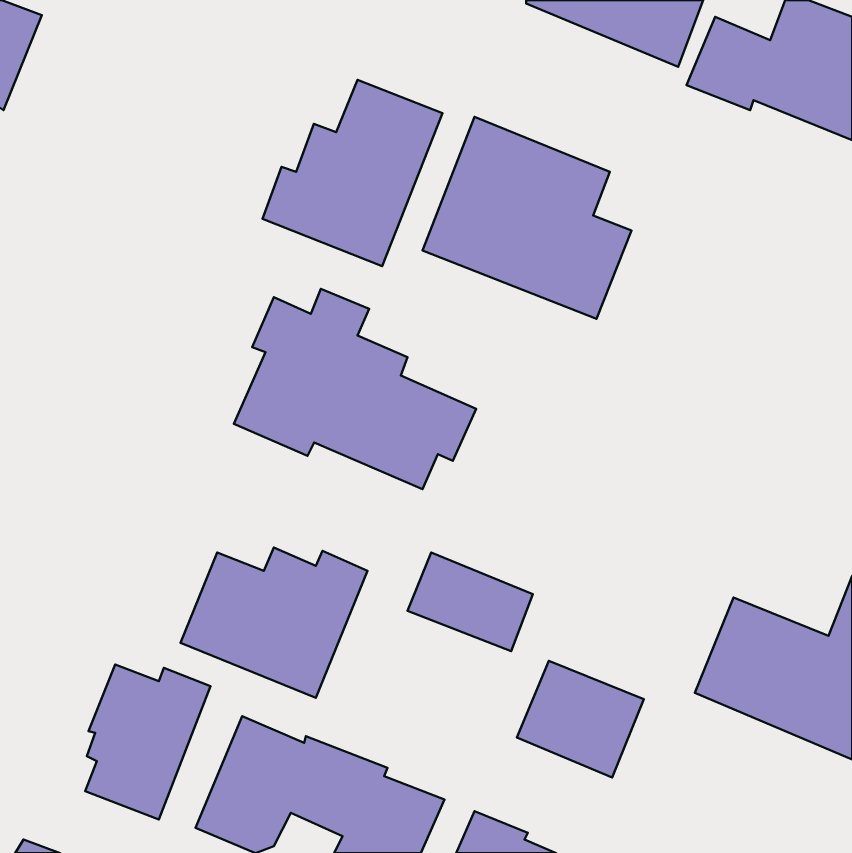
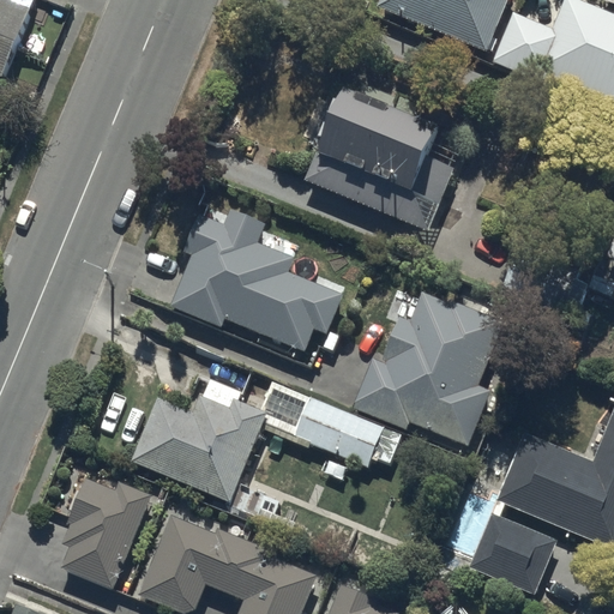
building: [262,80,443,266] -> none
building: none -> [351,287,505,446]
building: [517,661,644,778] -> [466,511,558,595]

